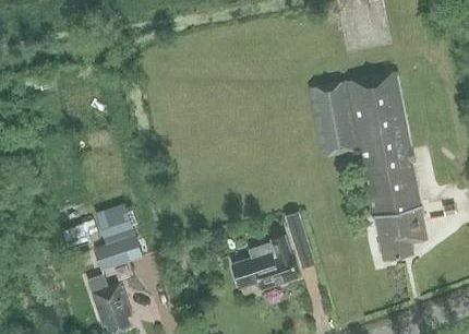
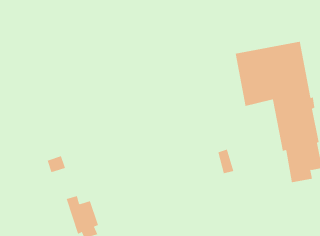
building: [94,204,143,270] -> none
building: [231,236,298,289] -> none

